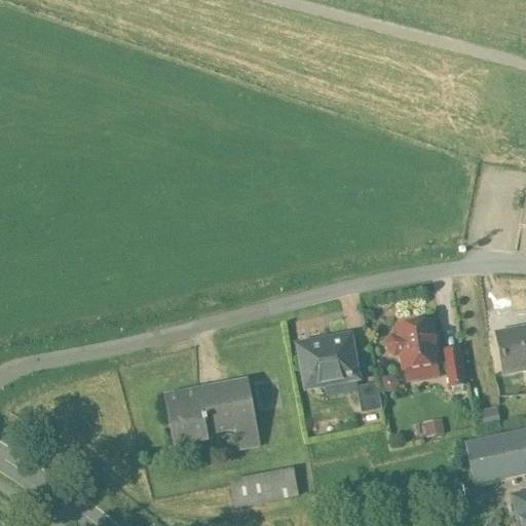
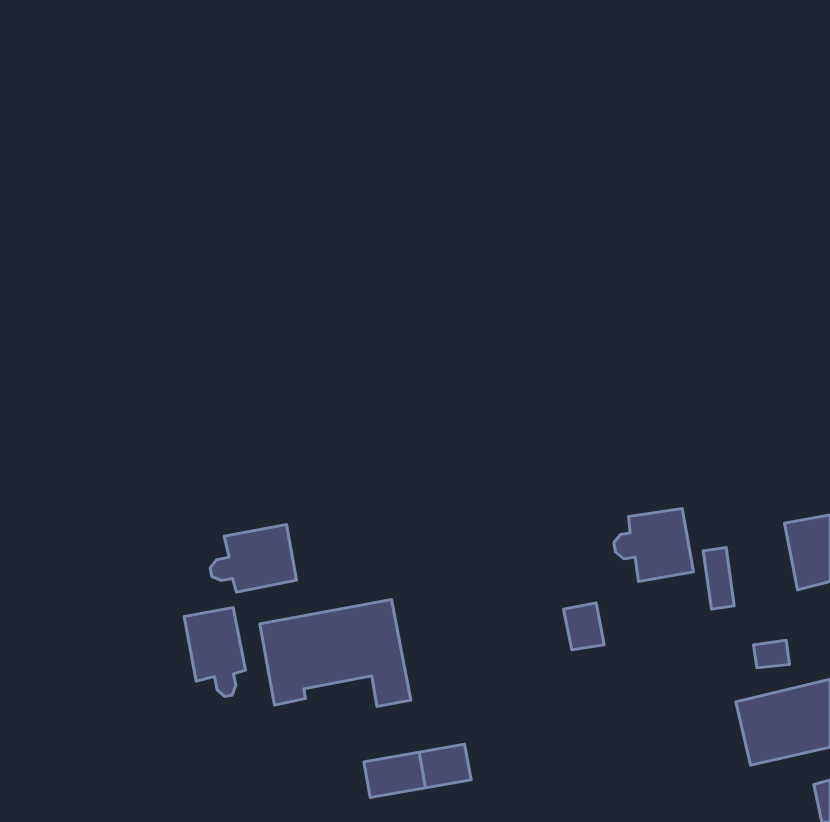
building: none -> [210,525,296,592]
building: [300,336,356,386] -> none
building: none -> [184,608,246,697]

